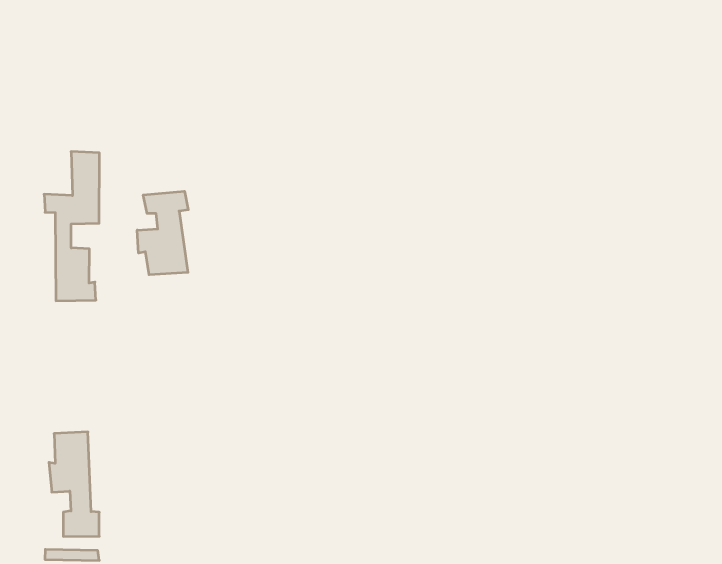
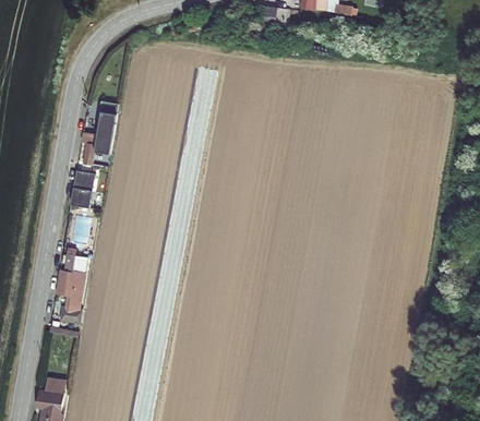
building: [137,191,188,275] -> none

